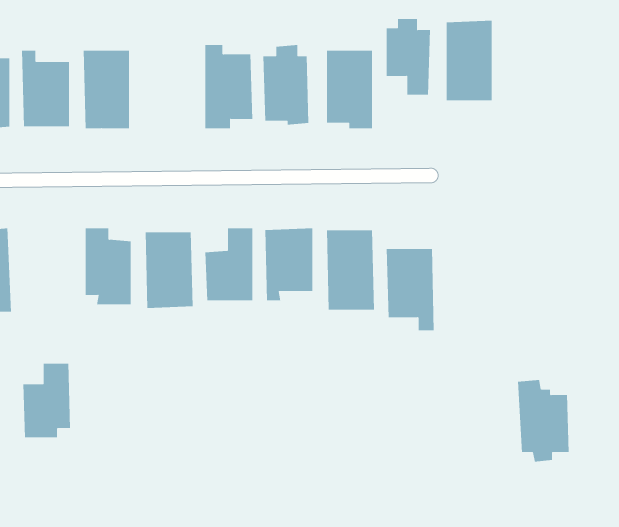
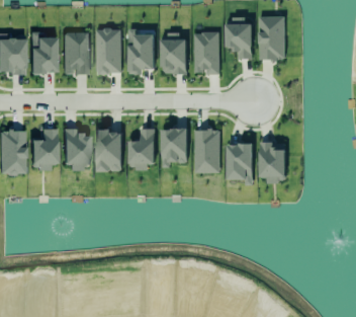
building: none -> [96,28,121,74]
building: [22,363,71,438] -> [30,130,57,170]
building: [517,380,570,462] -> [257,139,285,183]

